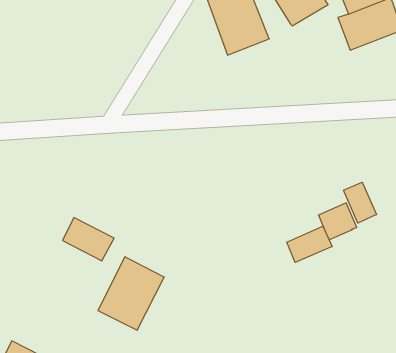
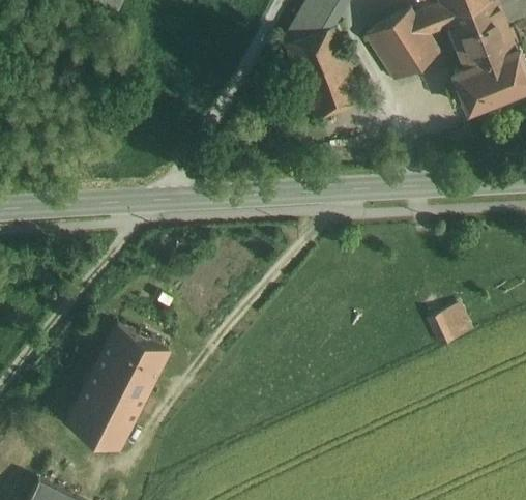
building: [344,182,377,223] -> none
building: [287,226,332,262] -> none
building: [98,257,164,330] -> [68,352,152,445]

